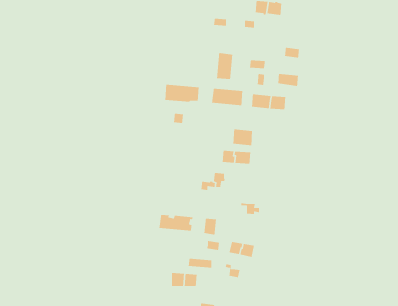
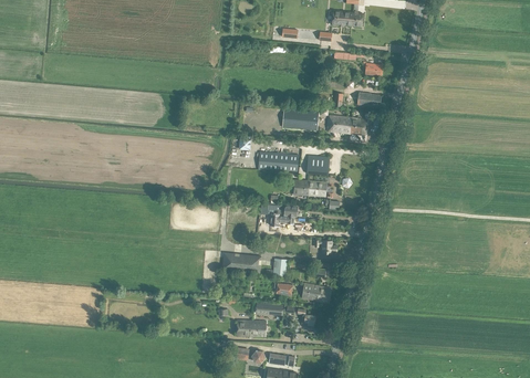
building: [216,52,233,80] -> none
building: [164,84,199,102] -> [258,150,298,171]

